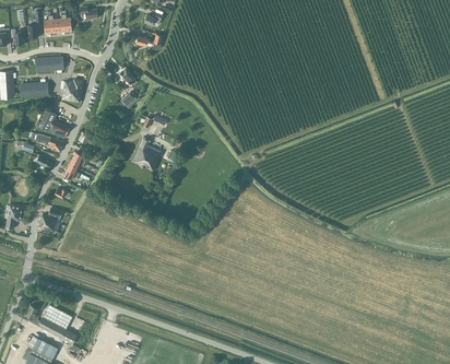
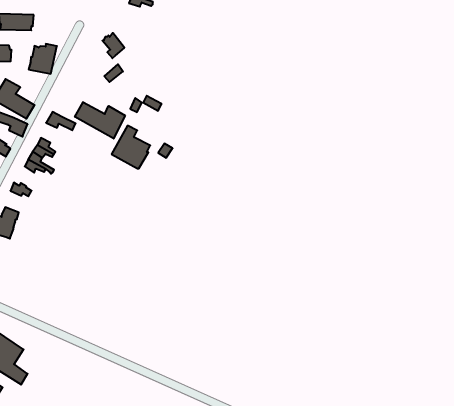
building: none -> [75,102,125,139]

